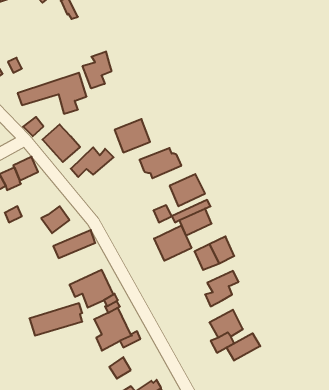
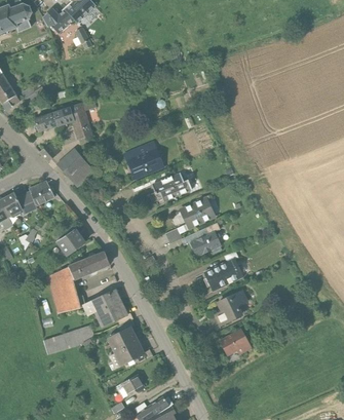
building: [83,51,111,88] -> none
building: [71,147,114,177] -> none
building: [154,226,191,261] -> none
building: none -> [48,266,79,311]
building: [226,333,260,361] -> none

